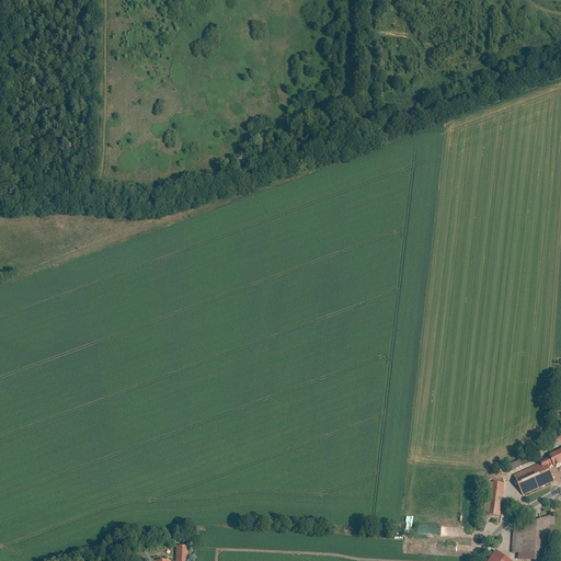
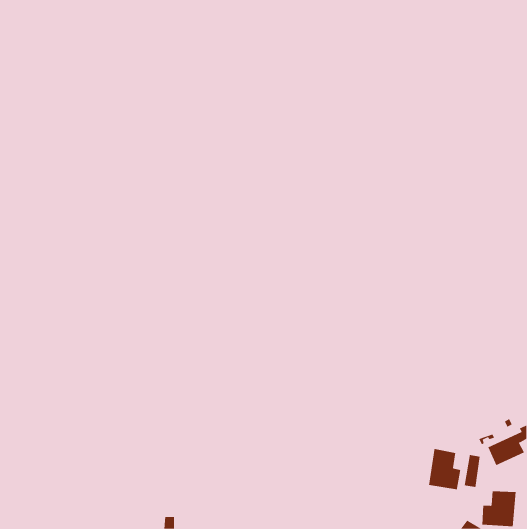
building: none -> [429,448,461,490]

